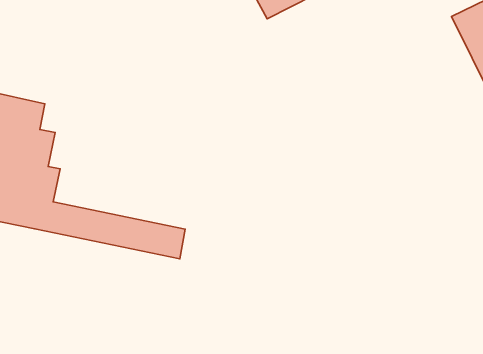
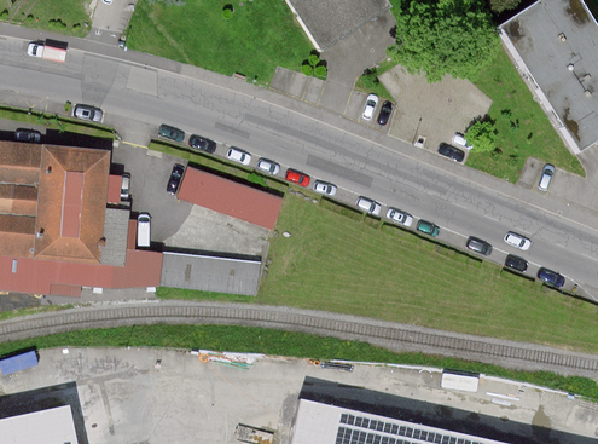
building: none -> [180,172,285,232]

